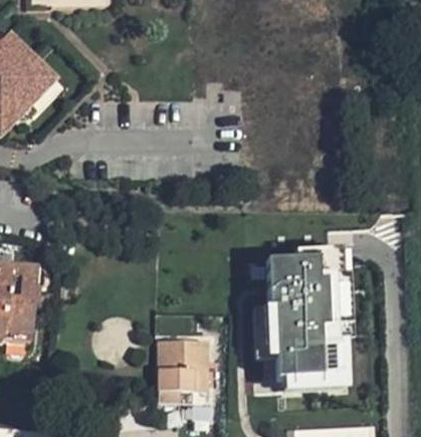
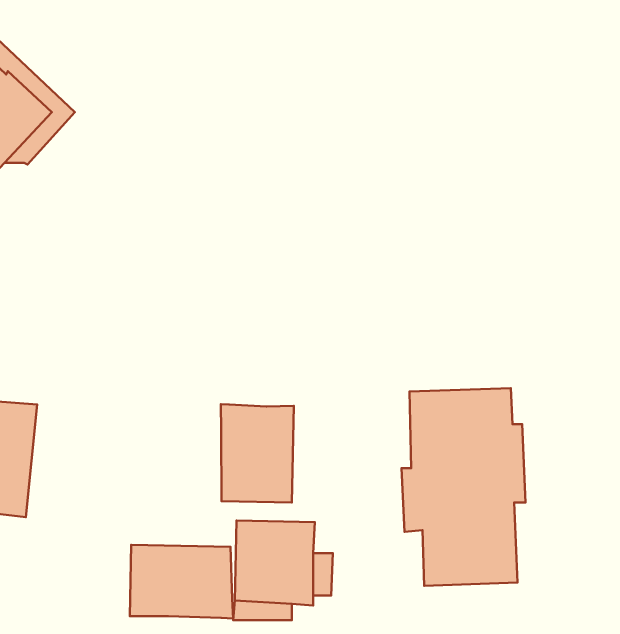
building: none -> [221,404,294,502]
building: none -> [130,545,233,618]

